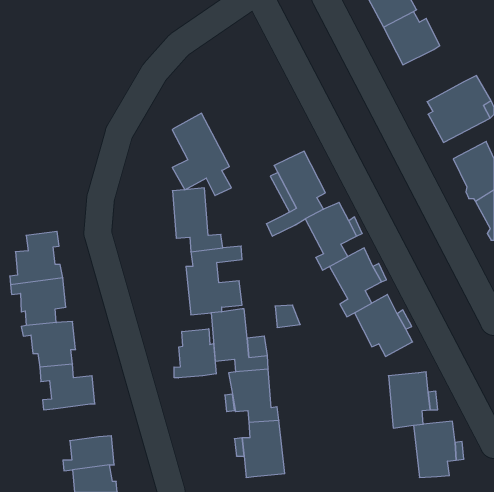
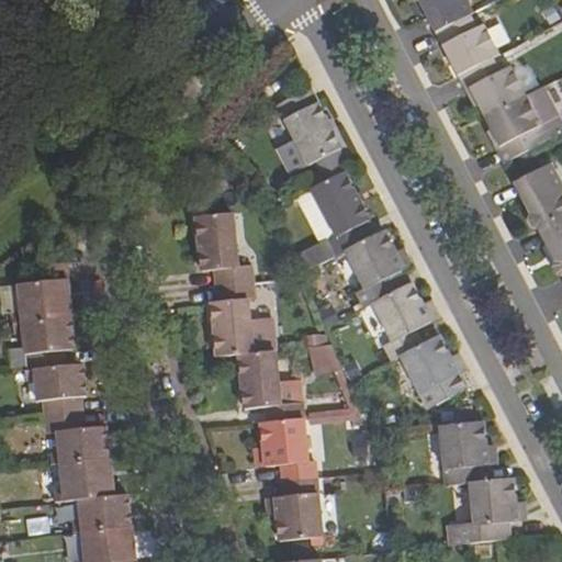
building: none -> [457,56,525,115]
building: [172,113,231,196] -> [278,87,345,180]
building: [174,329,216,378] -> none
building: none -> [52,458,112,502]

